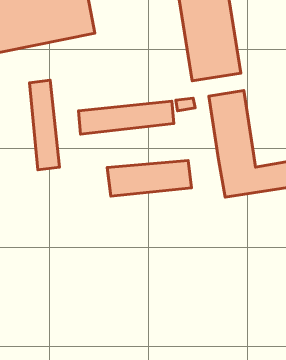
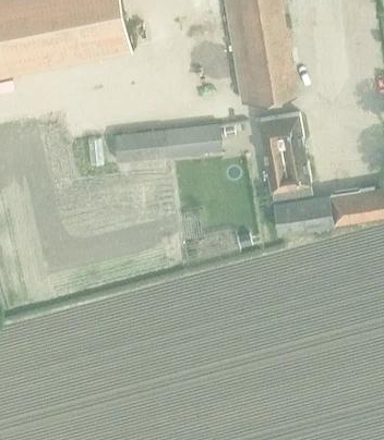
building: [30,80,59,170] -> none
building: [107,160,191,196] -> none

